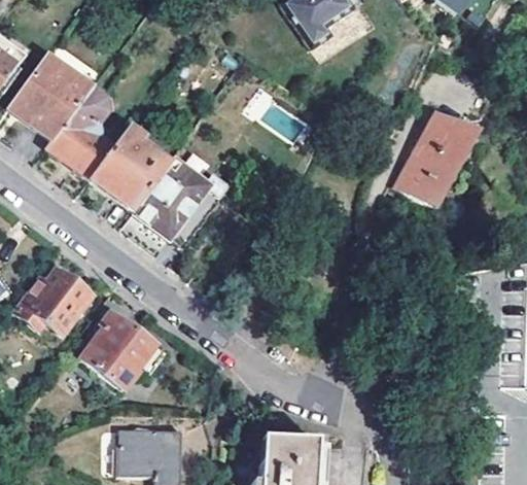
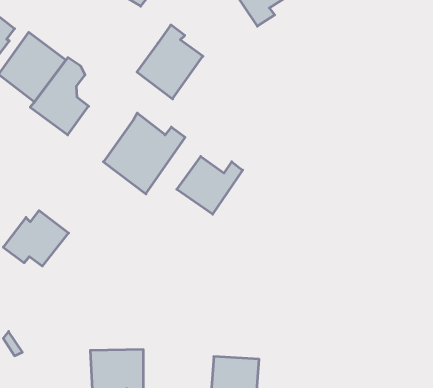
building: [400,112,478,200] -> none
building: [90,122,168,209] -> [137,25,203,99]
building: none -> [177,156,243,214]
building: [82,309,167,386] -> none

